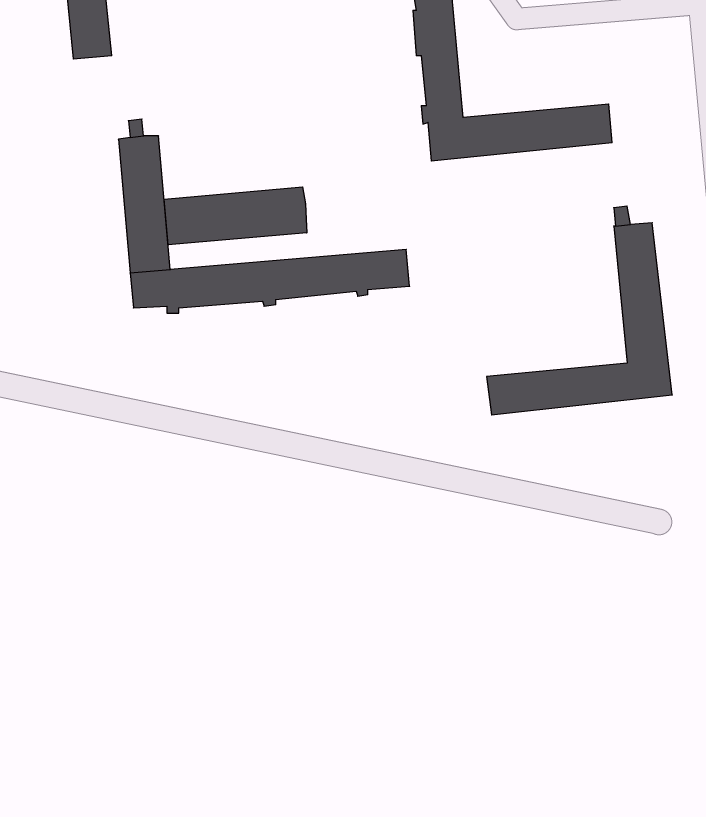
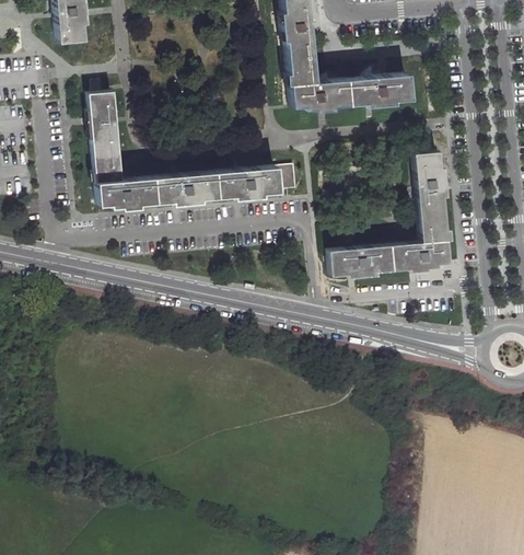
building: [164,187,307,245] -> none
building: none -> [277,166,299,193]

